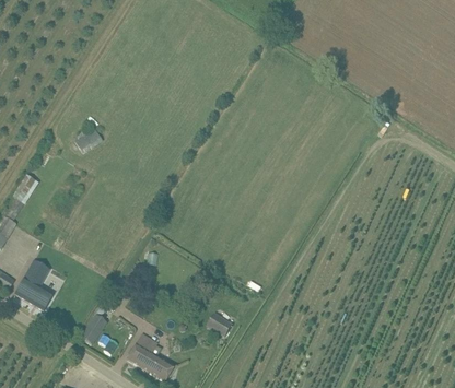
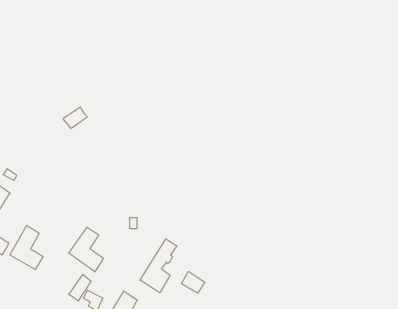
building: none -> [69,227,104,272]
building: none -> [140,239,177,293]

